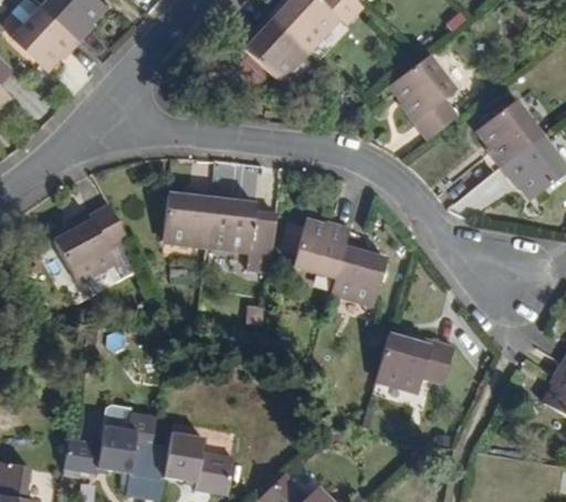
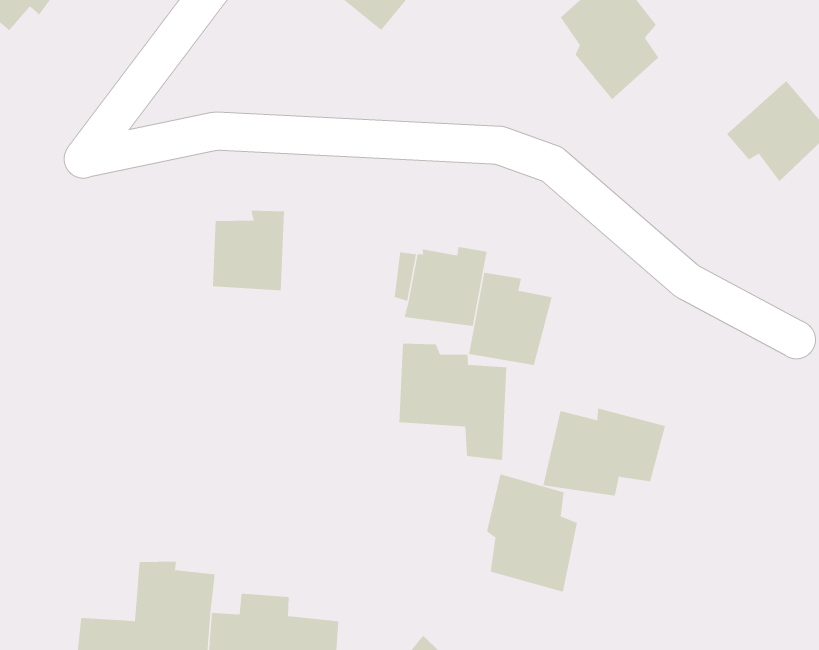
building: [481,96,541,163] -> none
building: [208,194,280,273] -> [399,343,507,461]
building: [53,205,126,281] -> none
building: none -> [486,474,578,593]

